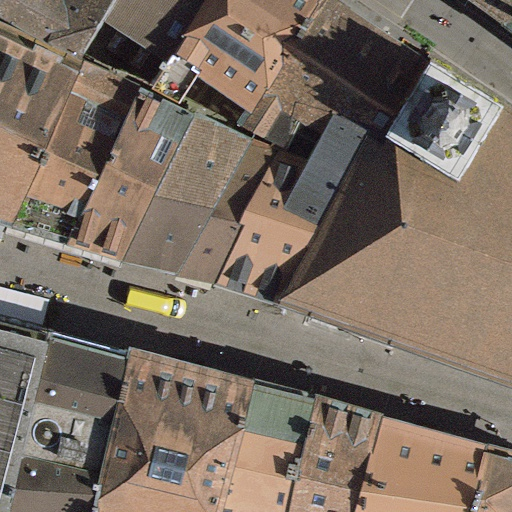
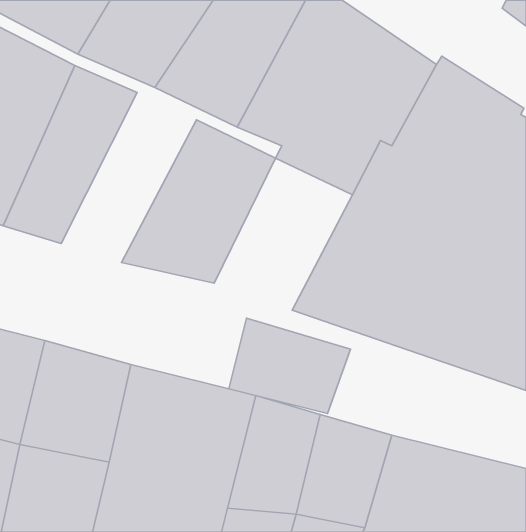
building: [59,89,189,252] -> none
building: [206,152,339,298] -> none
building: none -> [229,318,350,413]

